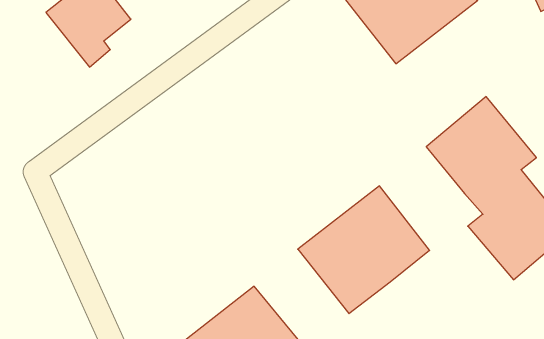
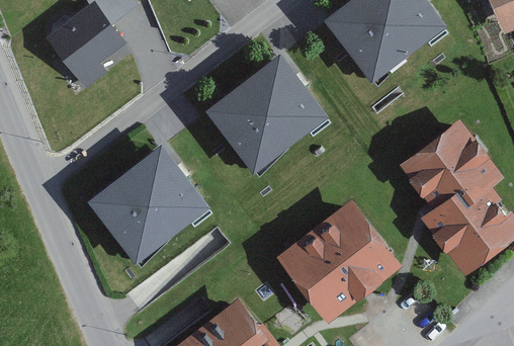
building: none -> [204,55,327,173]
building: none -> [85,147,207,265]

